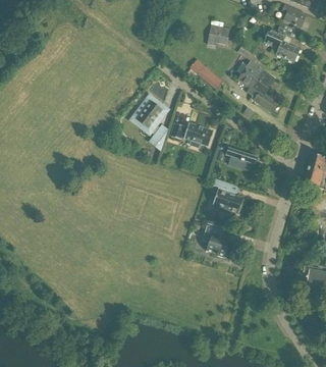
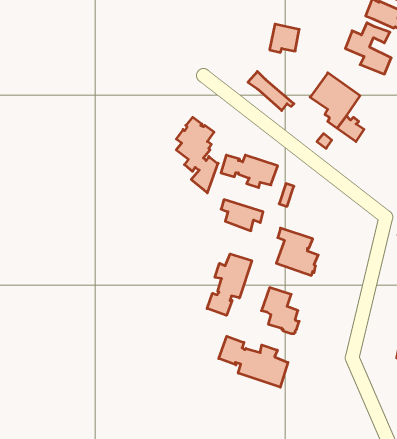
building: [225,147,257,170] -> [221,200,263,231]
building: none -> [207,254,252,315]
building: none -> [219,336,288,387]

